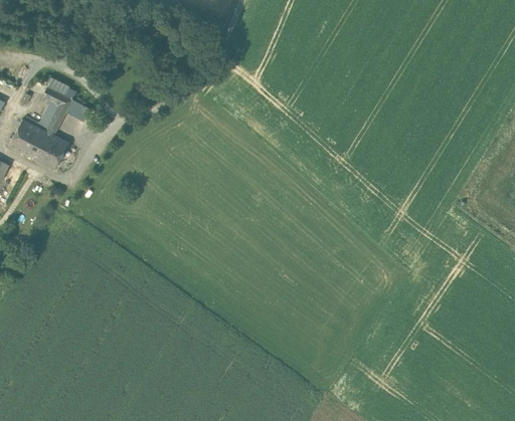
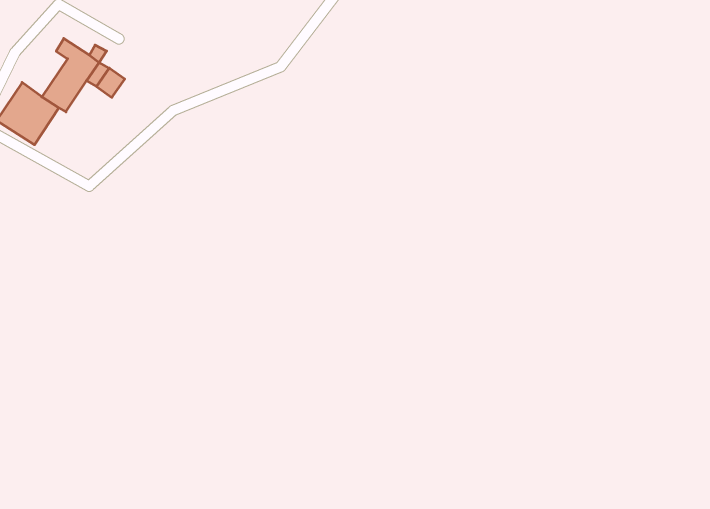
building: [36,133,68,169] -> none

